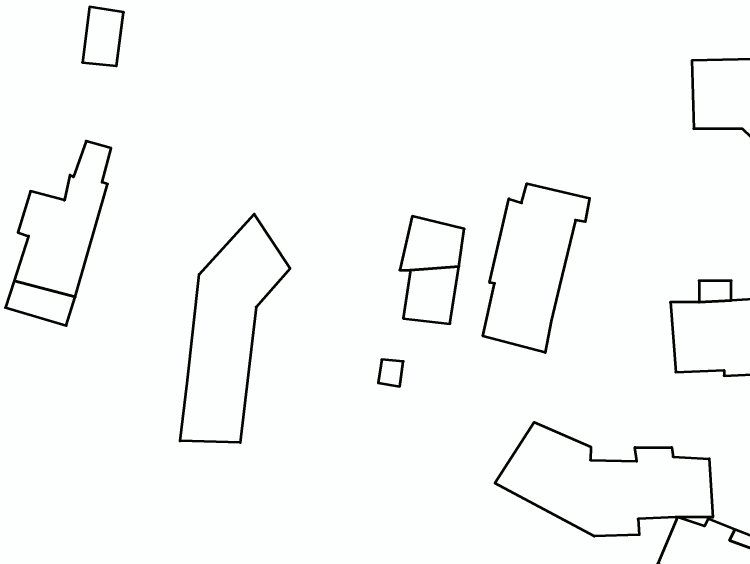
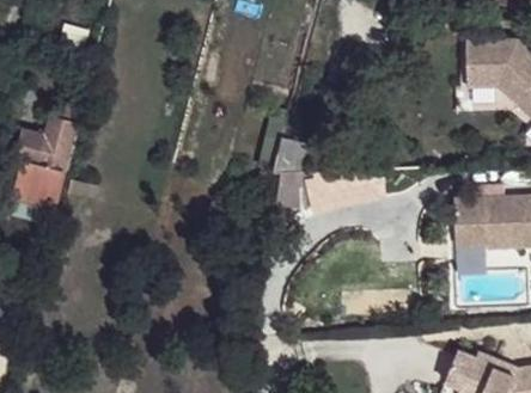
building: [483,184,590,353] -> none
building: [180,214,290,443] -> none
building: [495,422,713,536] -> none

